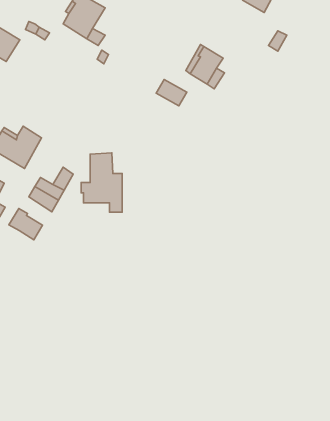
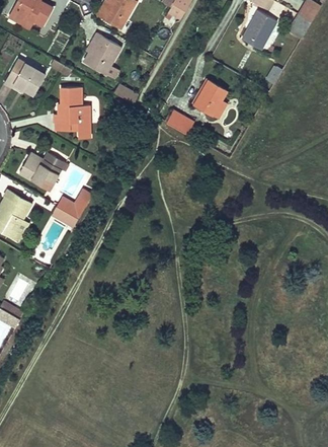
building: [81,153,122,212] -> [54,87,90,140]
building: [9,209,43,240] -> none

